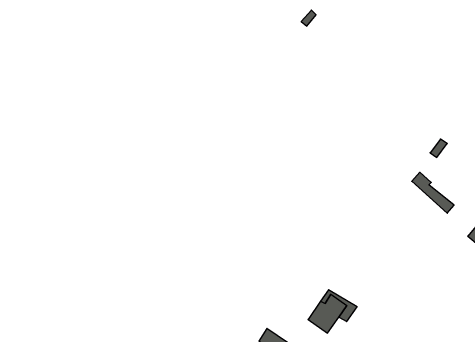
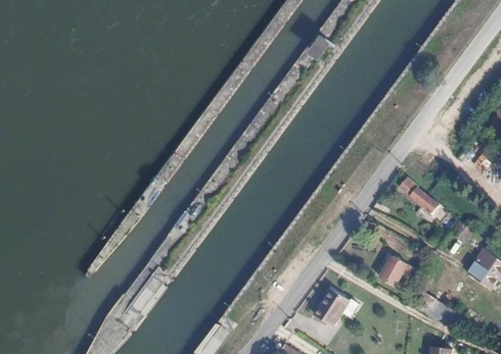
building: none -> [378,256,405,286]

